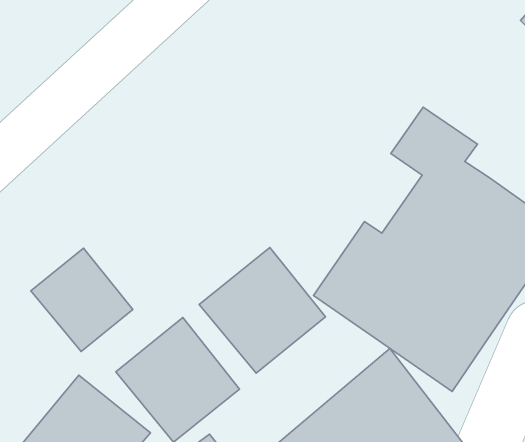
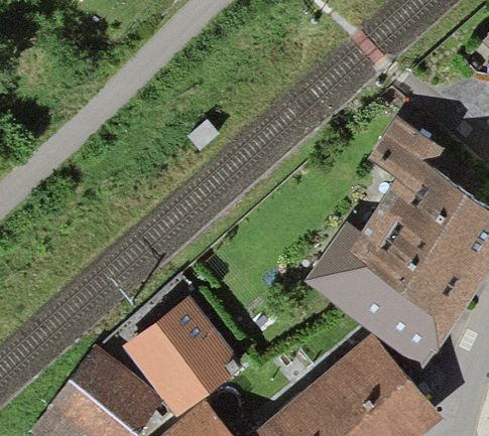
building: [199,247,325,373] -> none
building: [31,248,133,352] -> none

